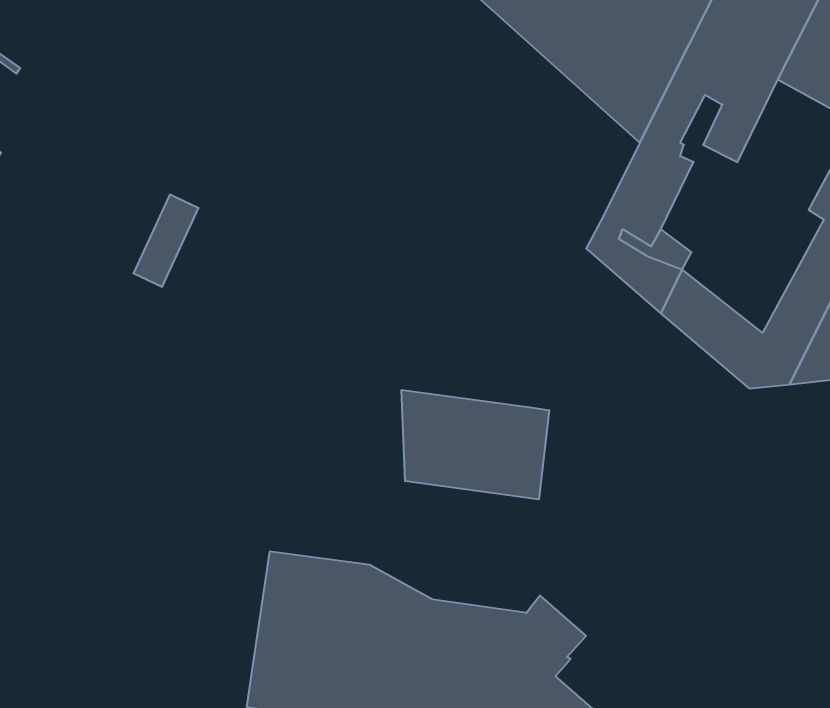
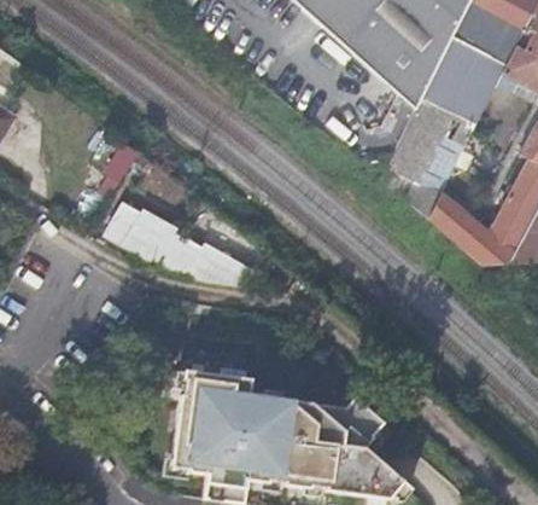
building: none -> [105,202,255,285]
building: [401,390,549,499] -> none

